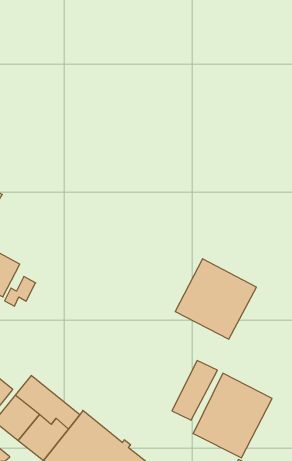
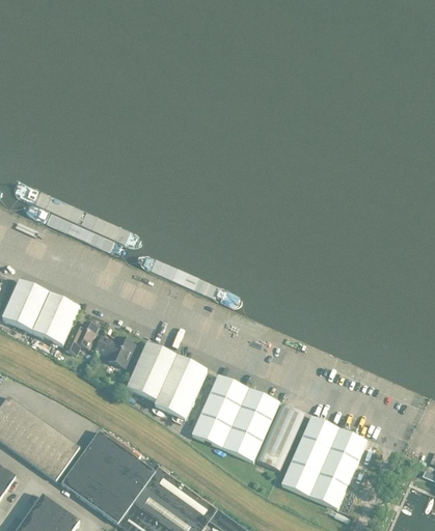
building: [175,259,256,339] -> [191,375,279,463]
building: none -> [96,337,134,368]
building: none -> [127,343,207,420]

